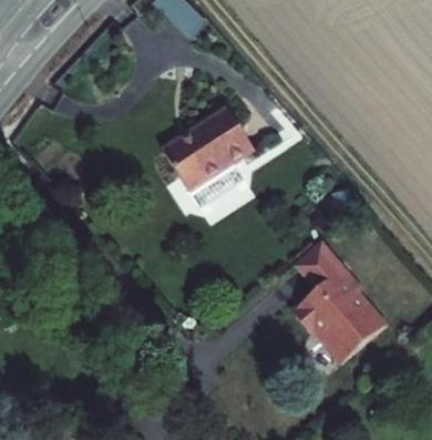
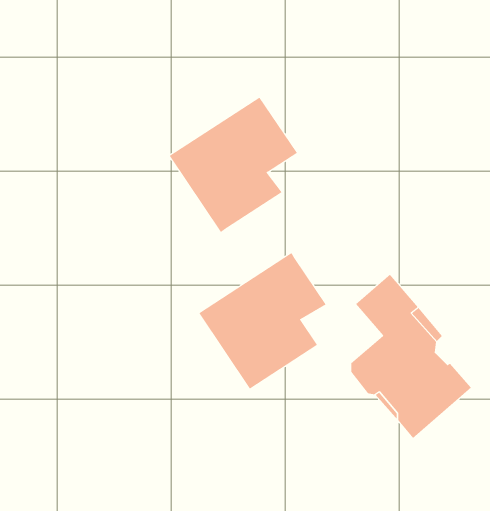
building: none -> [198,252,326,389]

